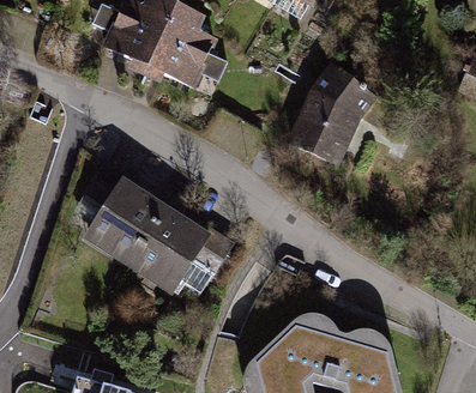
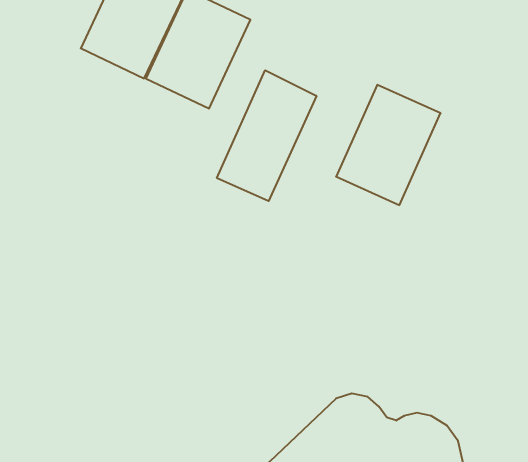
building: none -> [217,70,316,201]
building: [82,175,218,297] -> none

